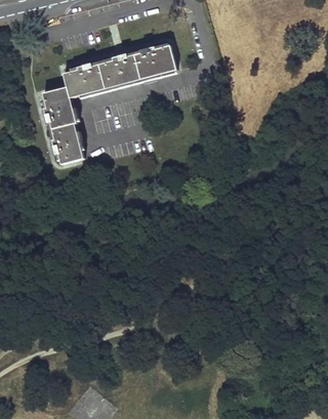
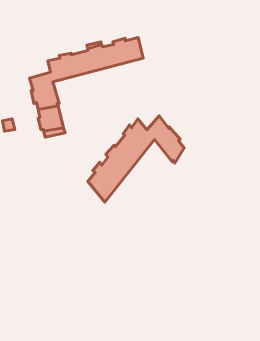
building: none -> [88,116,184,202]

